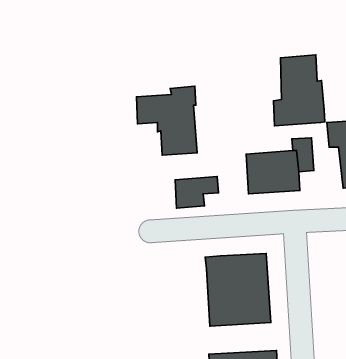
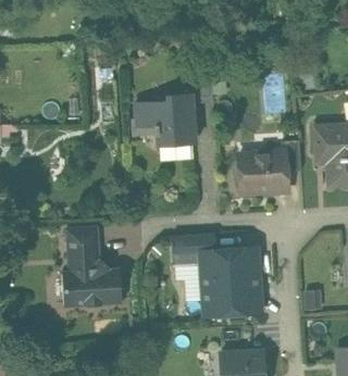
building: [273,55,325,126] -> none
building: [175,176,218,208] -> [174,234,214,263]
building: none -> [62,225,122,305]

